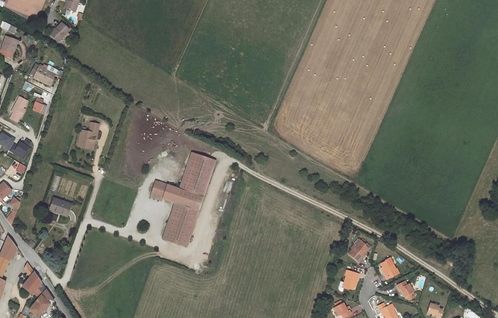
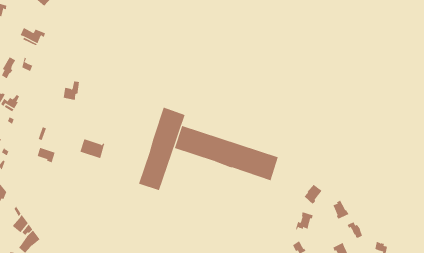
building: none -> [174,125,278,181]
building: [151,181,180,204] -> [79,138,105,159]

